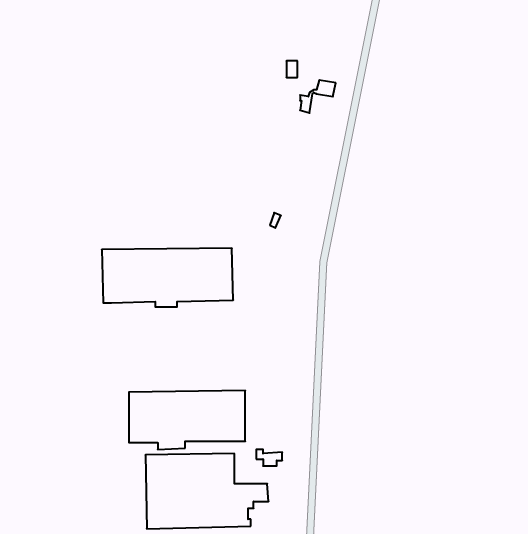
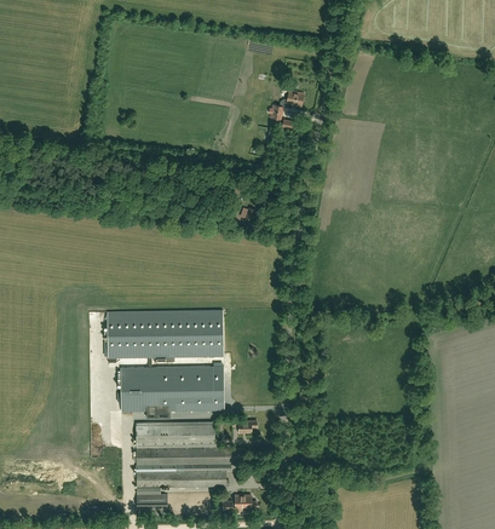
building: [102,248,233,307] -> [107,310,223,362]

